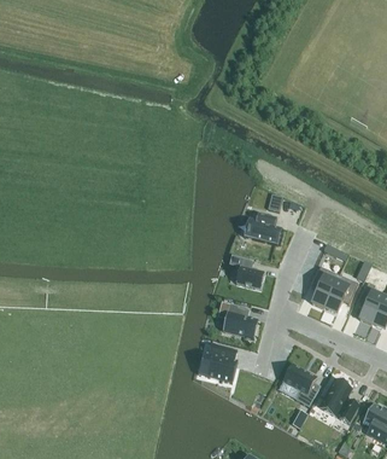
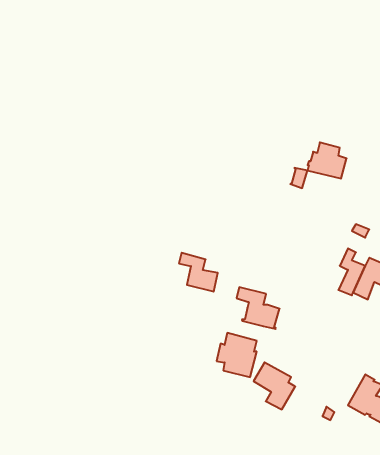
building: [247,211,282,244] -> [308,142,347,179]
building: [229,254,264,289] -> [179,253,218,292]
building: [283,364,321,406] -> [254,362,295,409]

